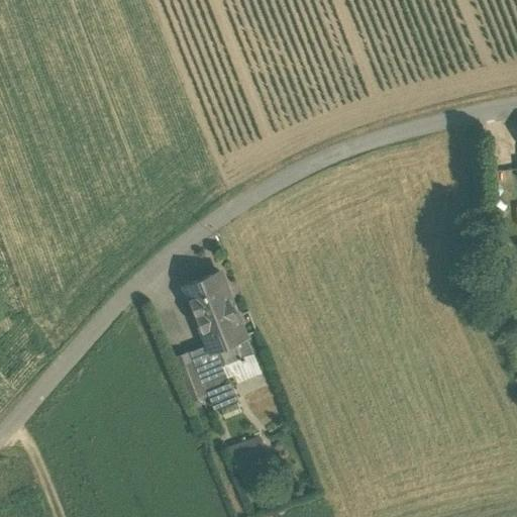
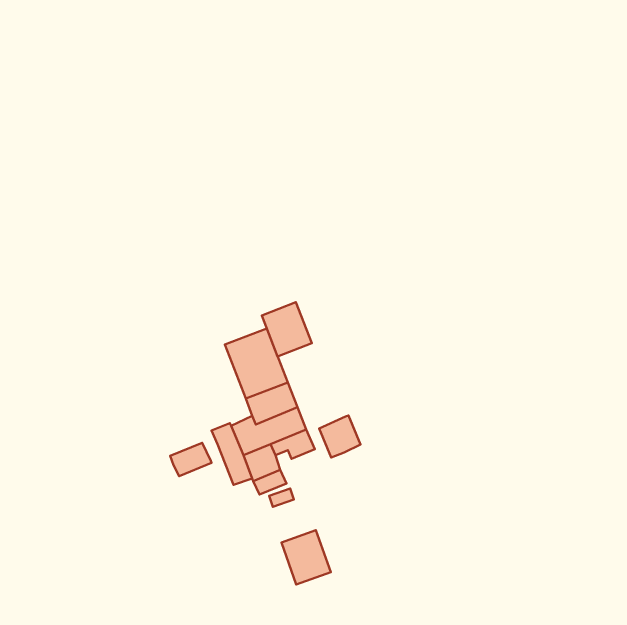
building: none -> [262,302,312,356]
building: none -> [319,416,360,457]
building: none -> [170,443,211,476]

